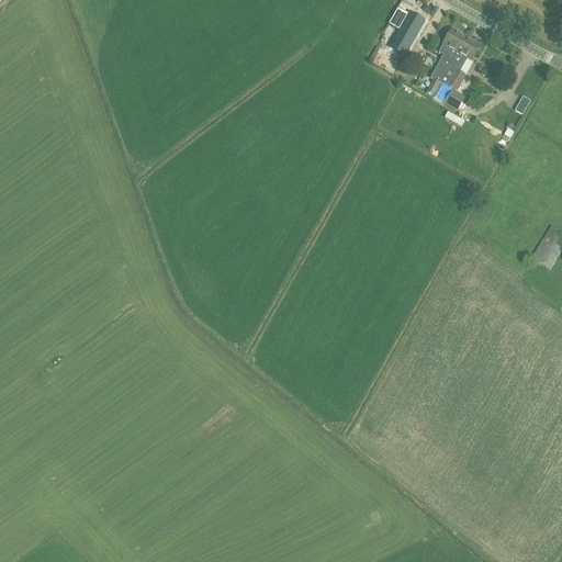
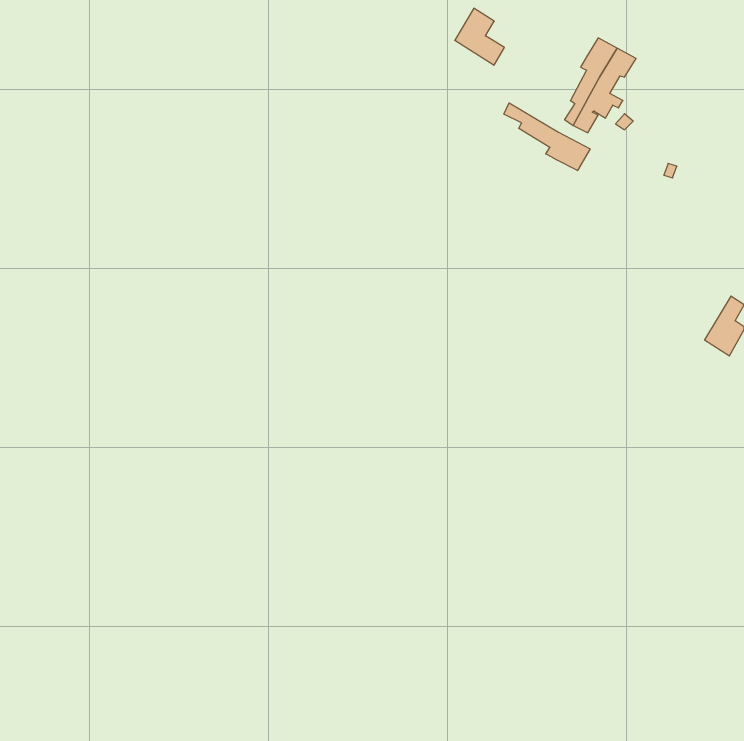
building: [394,9,431,52] -> [455,8,504,65]
building: none -> [504,103,590,171]

